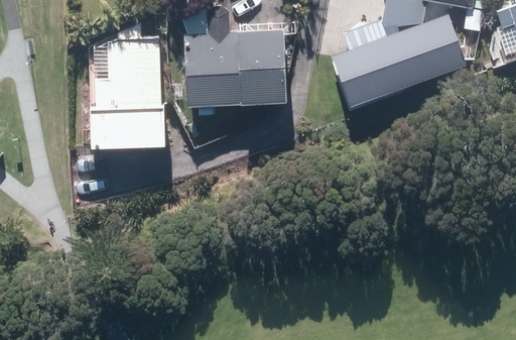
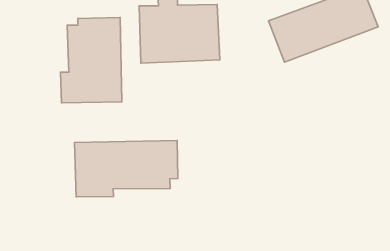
building: none -> [75,140,178,197]

